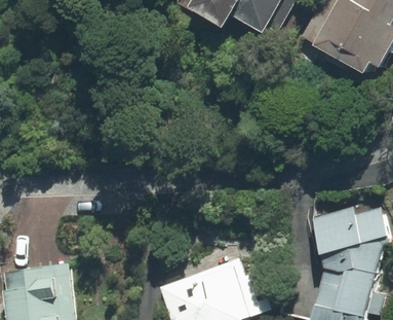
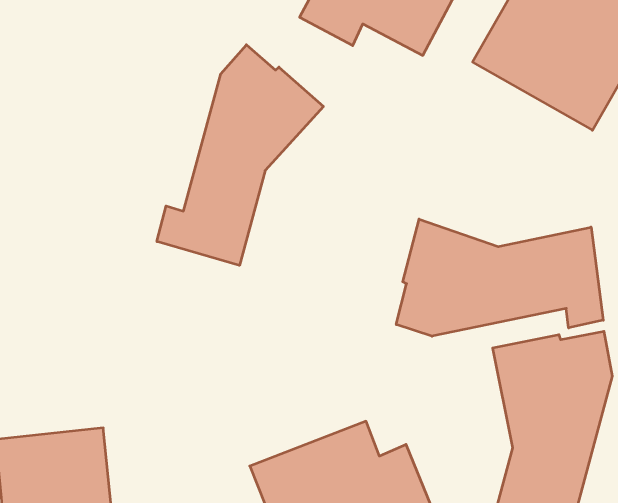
building: none -> [157,45,323,265]
building: none -> [396,219,603,336]

